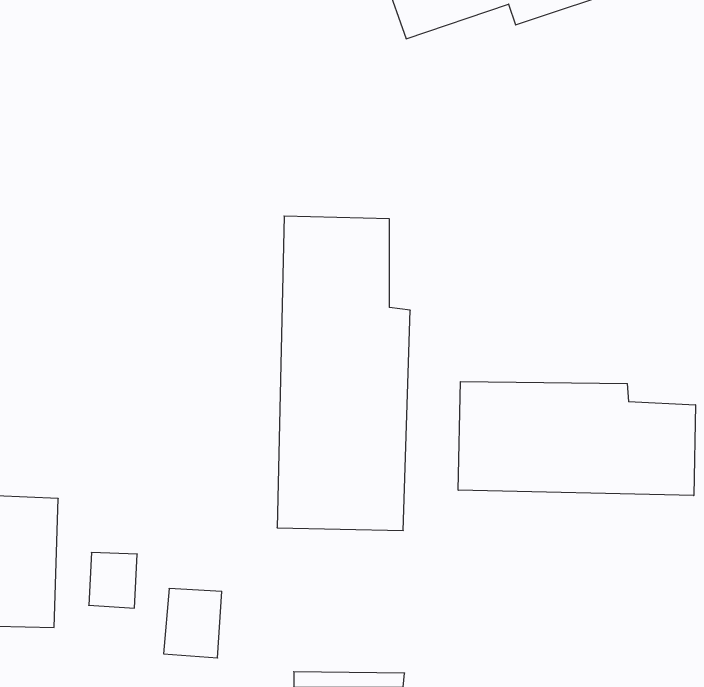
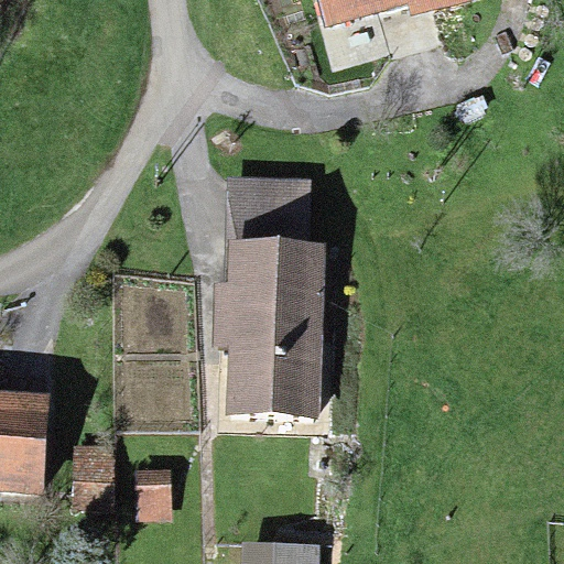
building: [458,382,695,496] -> none

